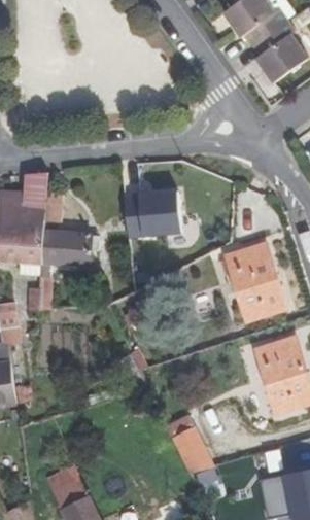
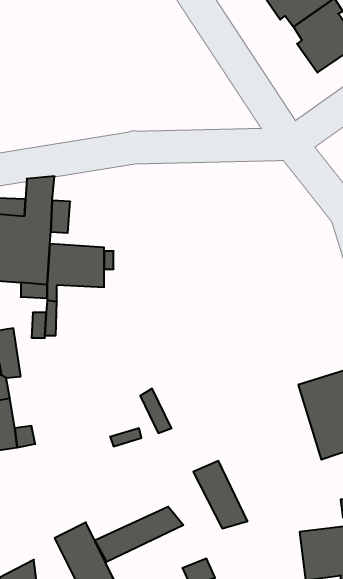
building: [125,190,182,240] -> none
building: [226,243,285,320] -> none
building: none -> [95,507,183,562]

